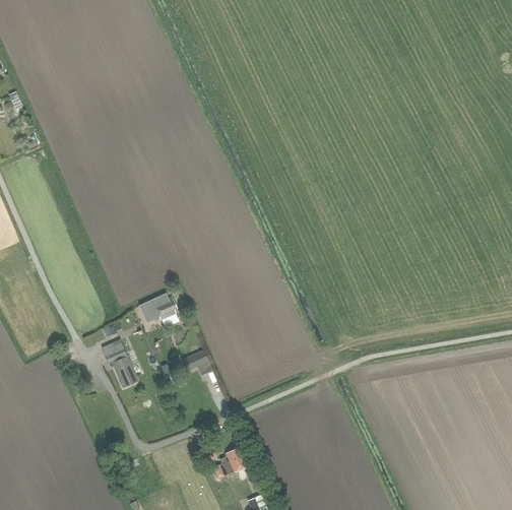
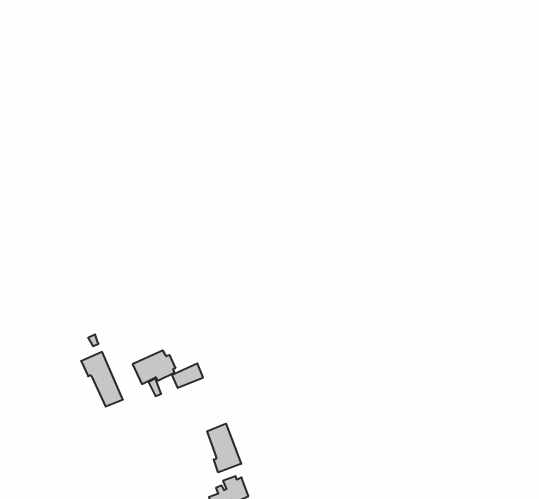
building: [138,294,176,323] -> [133,350,176,384]
building: none -> [207,424,241,472]

